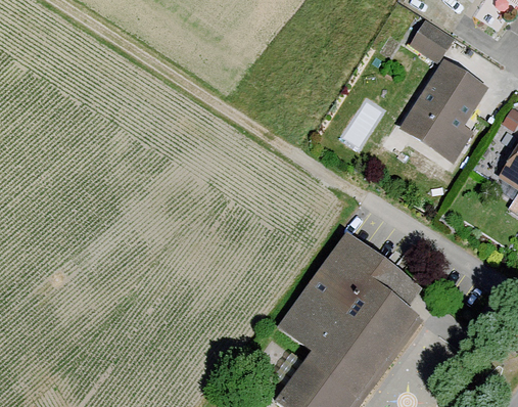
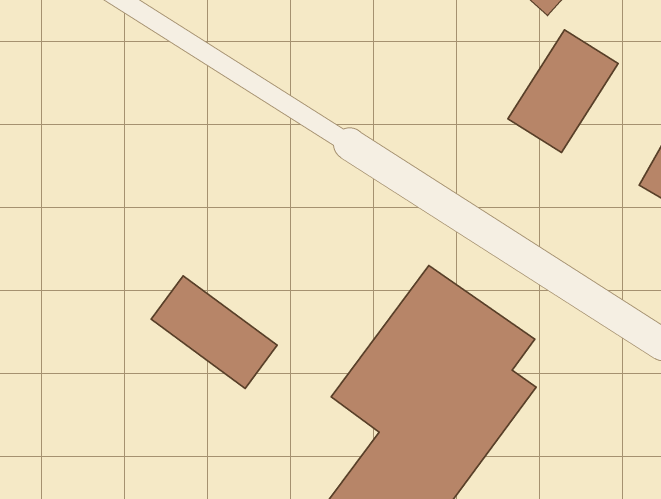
building: none -> [151,276,277,388]

